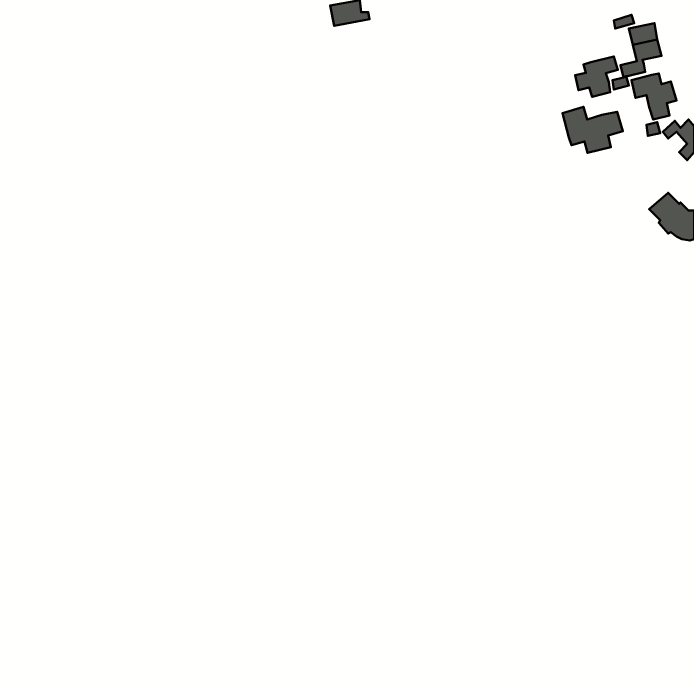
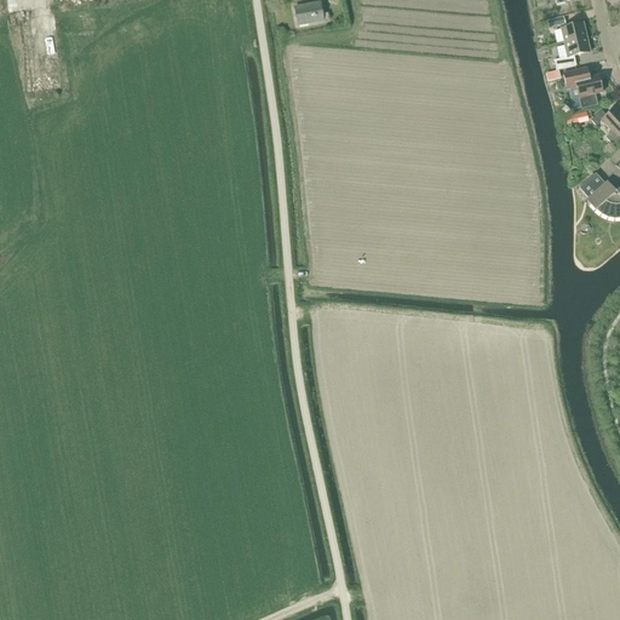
building: [575,57,618,97] -> none
building: [562,107,623,153] -> none

